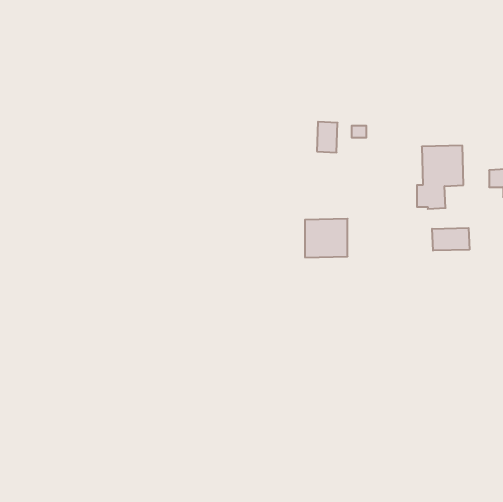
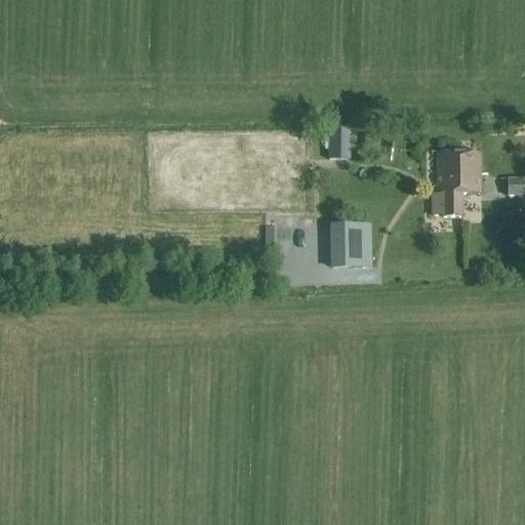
building: [432,228,469,251] -> none

